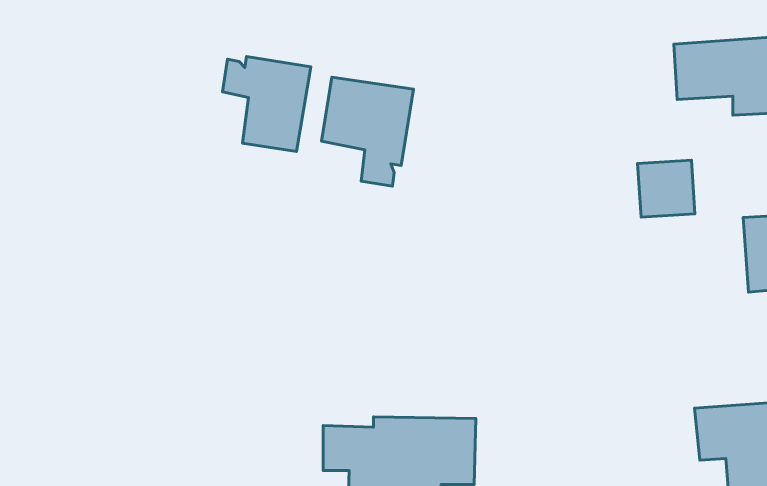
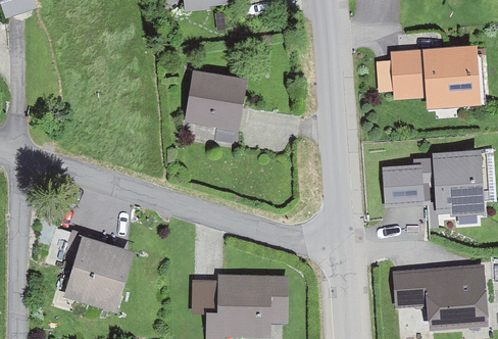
building: [223,57,311,152] -> none
building: [638,160,695,217] -> [385,166,418,200]
building: none -> [60,235,130,305]

